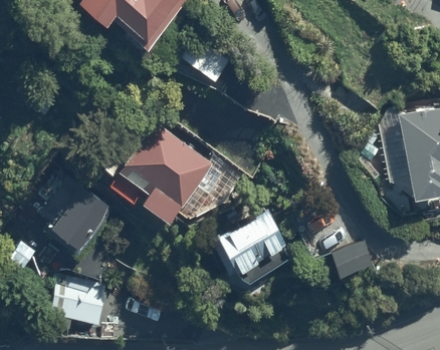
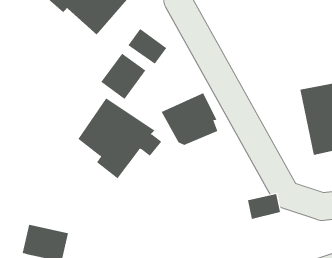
building: none -> [100,53,146,100]
building: [36,176,111,259] -> none
building: [214,210,285,276] -> [161,92,218,146]

